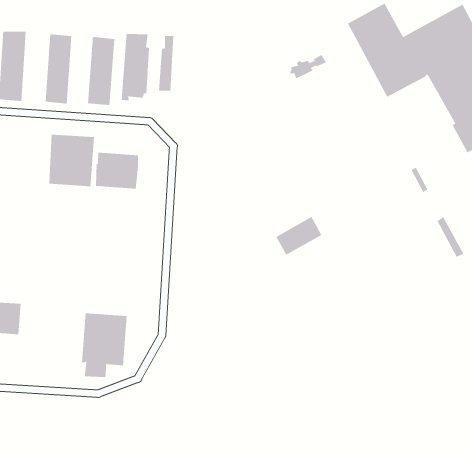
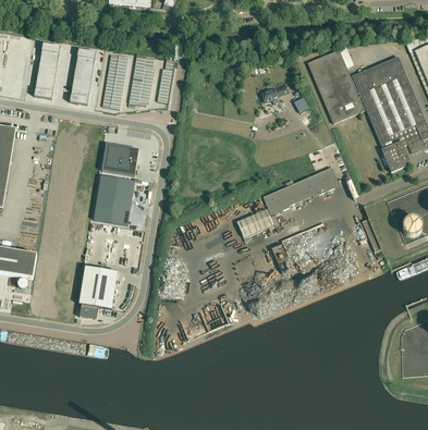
building: [48,134,95,187] -> [95,181,134,224]
building: none -> [264,167,340,213]

